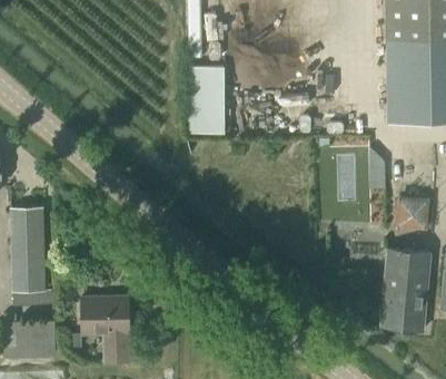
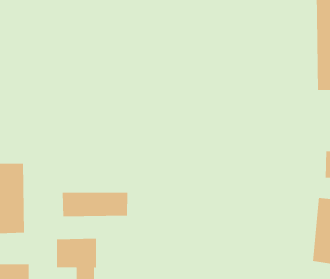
building: [190,70,230,134] -> none
building: none -> [62,192,128,217]

